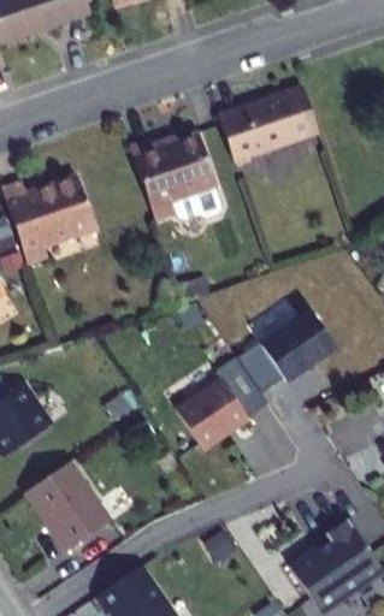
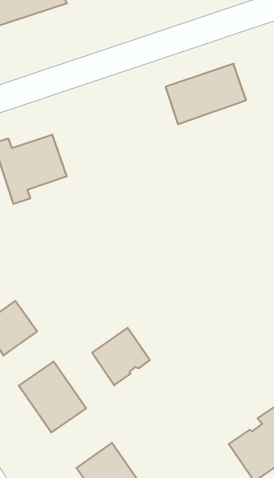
building: [126,128,219,218] -> none
building: [241,310,339,391] -> none
building: [181,377,253,449] -> [92,328,150,385]

